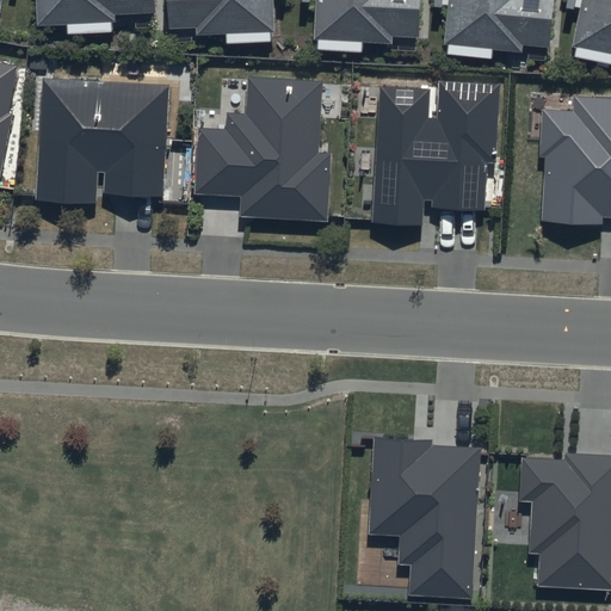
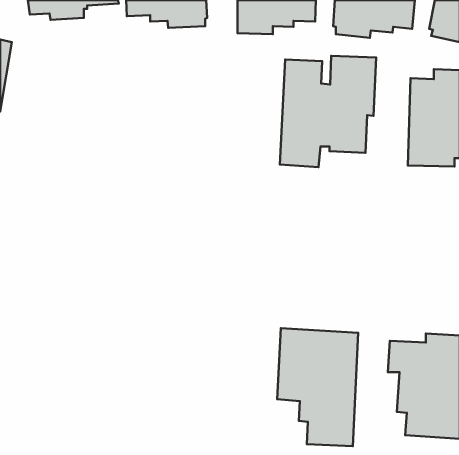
building: [37,75,172,199] -> none
building: [196,76,333,220] -> none

